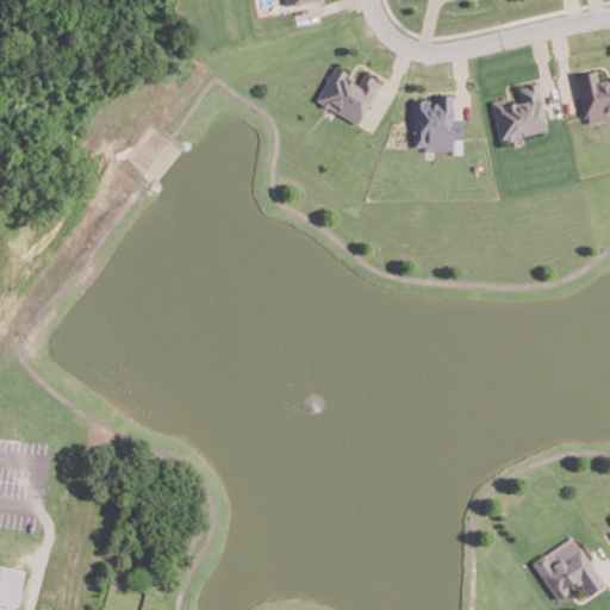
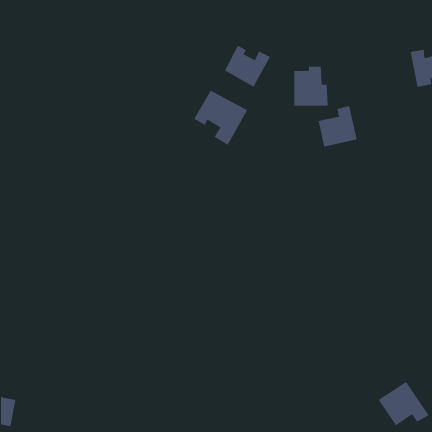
building: [492,83,548,142] -> [318,105,358,147]
building: none -> [193,90,248,146]

